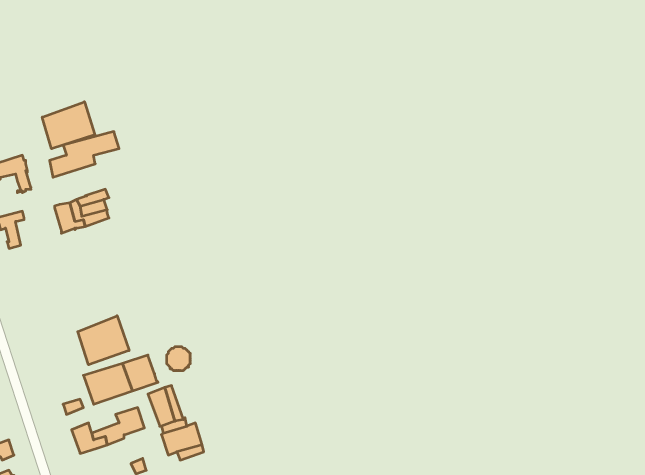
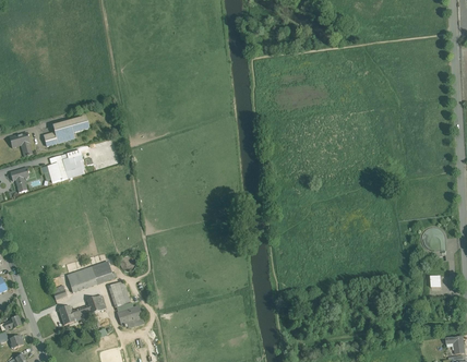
building: [42,102,95,149] -> none
building: [78,316,129,365] -> none

